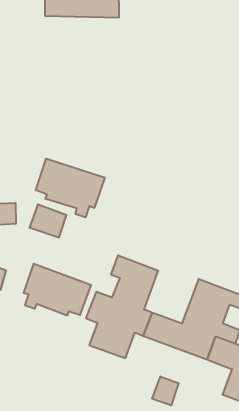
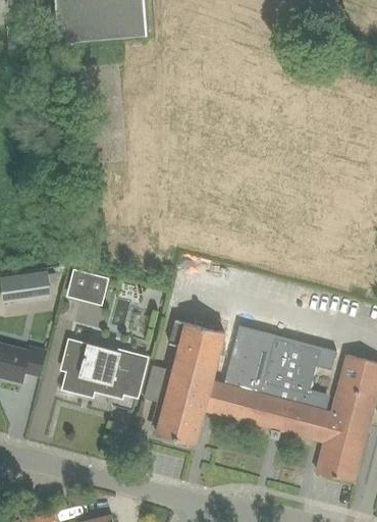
building: [36,159,105,217] -> none
building: none -> [223,328,274,393]
building: [152,376,179,405] -> none

